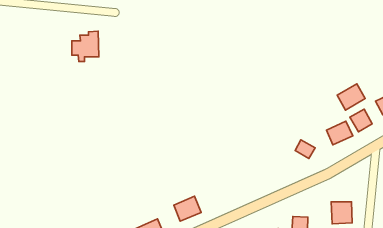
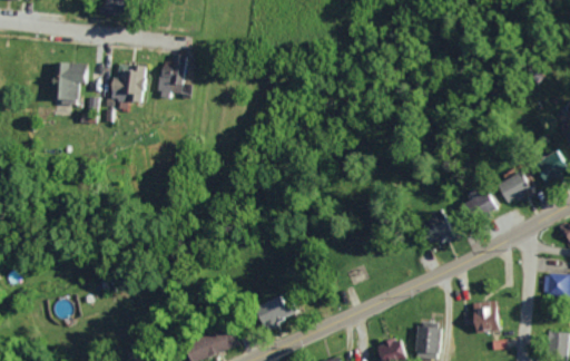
building: none -> [160,55,186,98]
building: none -> [53,62,88,104]
building: [337,84,365,110] -> none

